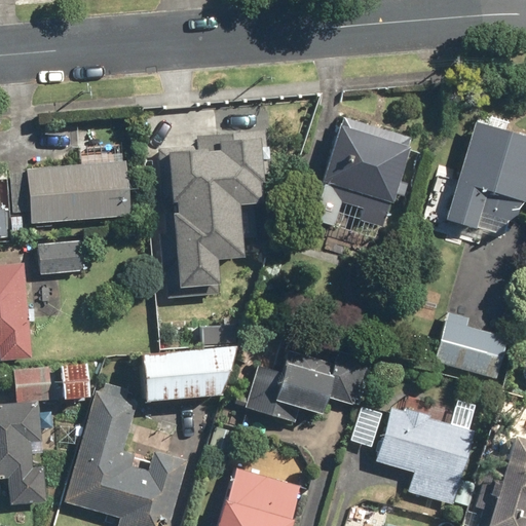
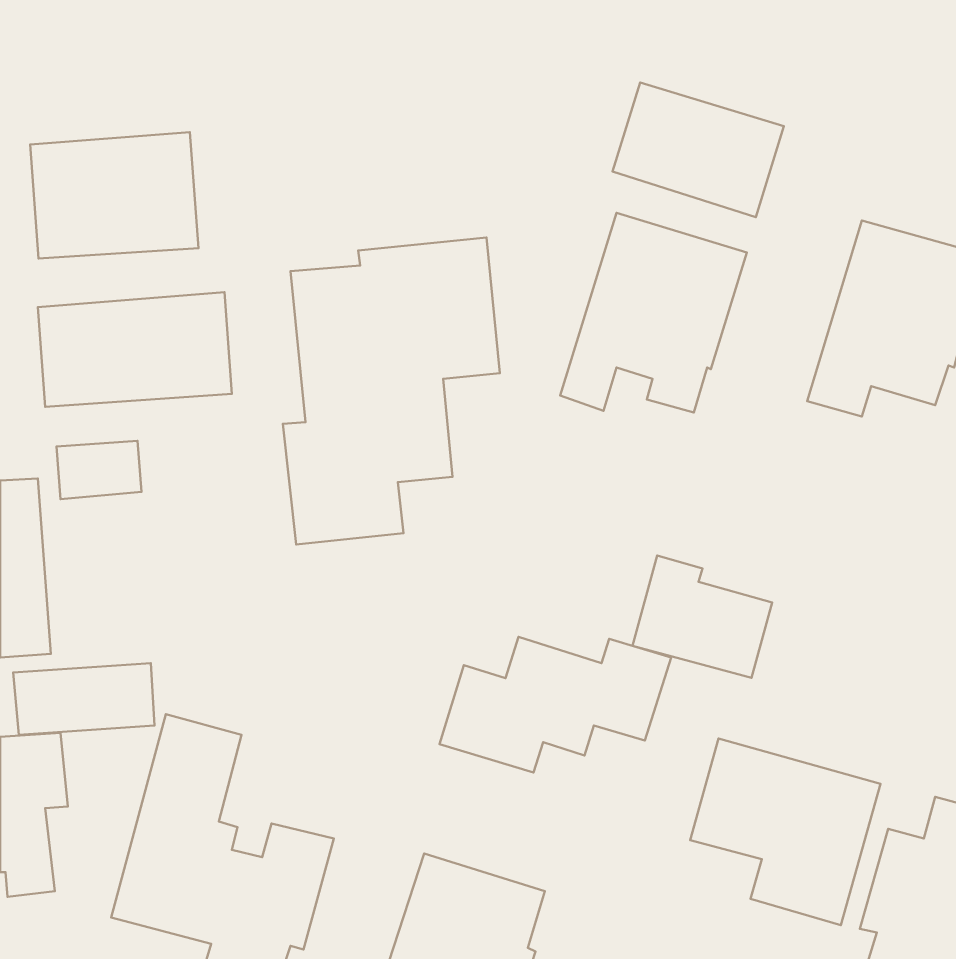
building: none -> [613,82,784,217]
building: none -> [30,132,198,259]
building: [429,312,505,379] -> [633,555,772,678]
building: [135,346,237,402] -> none

